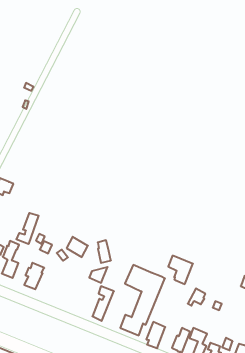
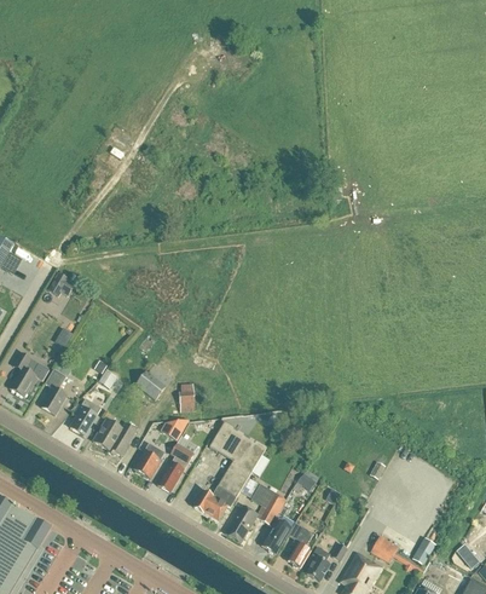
building: [16,213,39,244] -> none
building: [168,256,193,284] -> [250,483,285,525]
building: none -> [92,417,135,454]
building: none -> [133,442,163,478]

